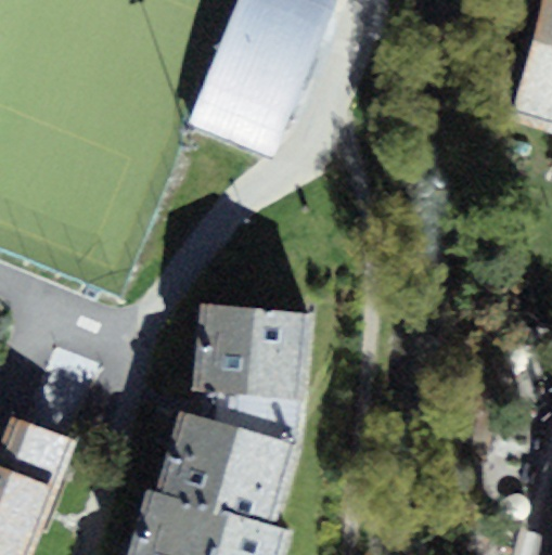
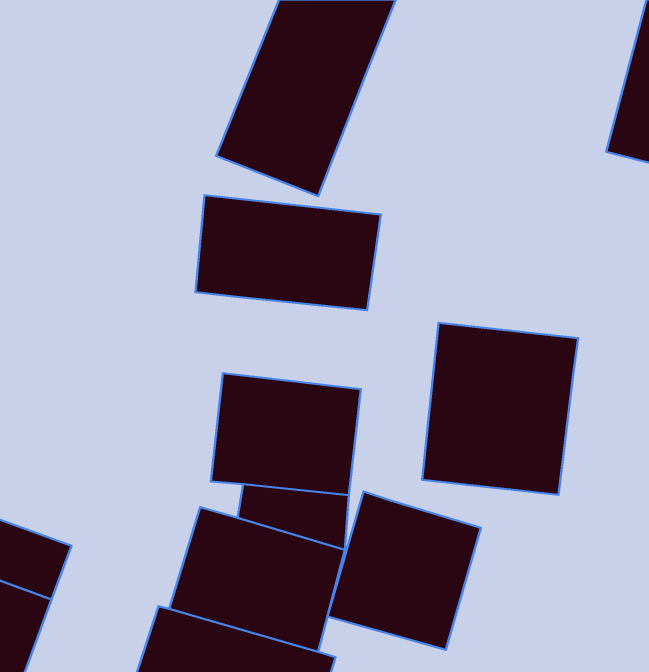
building: none -> [195,195,381,310]
building: none -> [422,323,578,495]
building: none -> [327,492,481,650]

